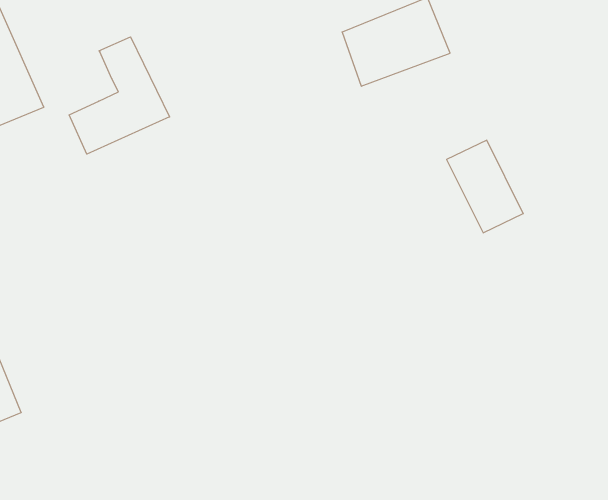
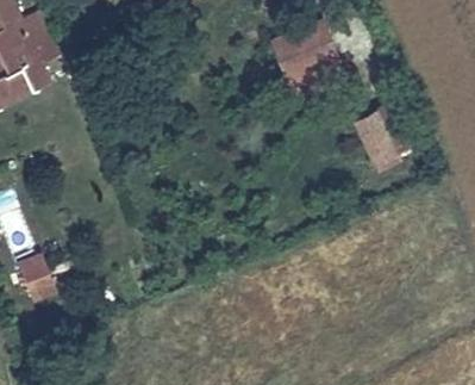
building: [69,37,170,154] -> none

